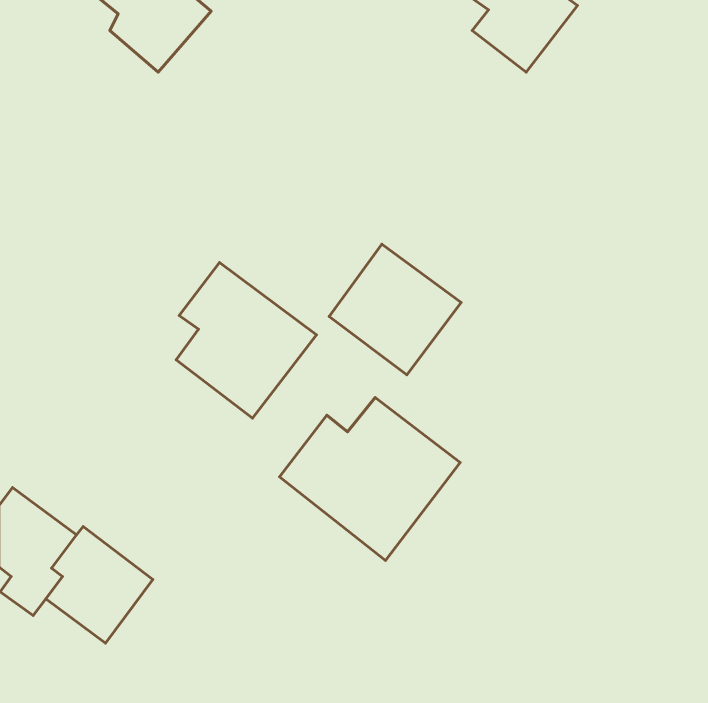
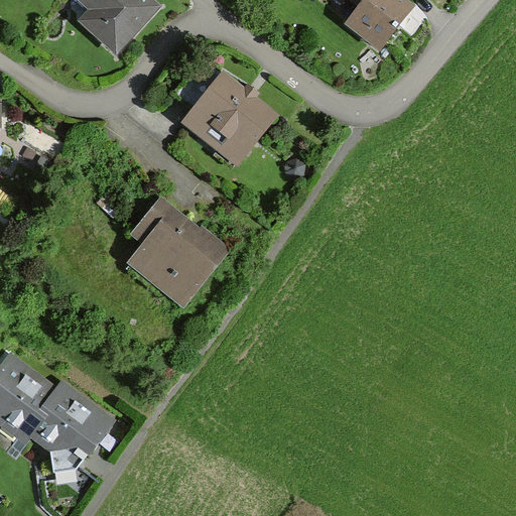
building: [329,244,461,375] -> [180,74,276,168]
building: [280,397,460,560] -> none

